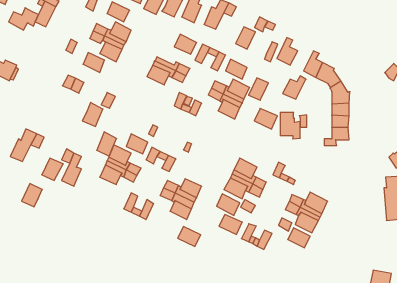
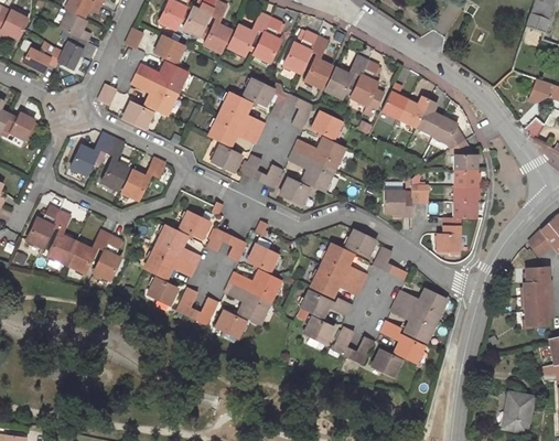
building: none -> [304,57,332,87]
building: none -> [221,93,251,119]
building: [283,76,306,99] -> [398,96,429,127]
building: [249,78,268,100] -> [351,75,377,105]
building: none -> [69,144,97,176]
building: none -> [211,144,241,172]
building: [254,108,277,129] -> [345,229,376,257]
building: none -> [279,179,310,205]
building: [97,132,117,156] -> [101,159,128,191]
building: none -> [437,226,460,252]
building: none -> [247,244,278,271]
building: [22,184,42,207] -> [47,233,75,263]
building: none -> [147,277,176,304]
building: [178,227,201,246] -> [215,311,246,337]
building: none -> [372,349,402,377]

